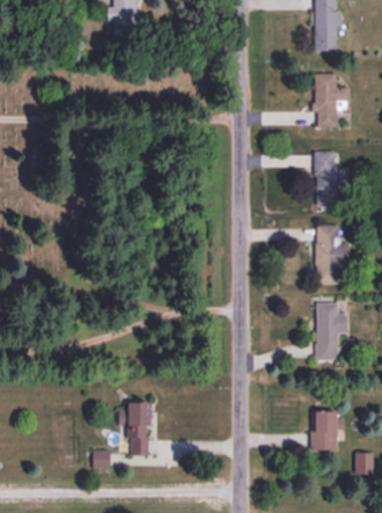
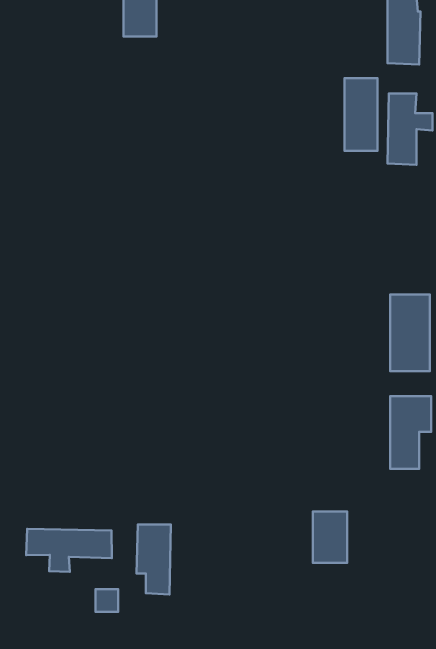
building: [315,151,340,206] -> [344,78,377,151]
building: none -> [26,529,112,572]
building: [310,411,336,451] -> [313,511,347,563]

